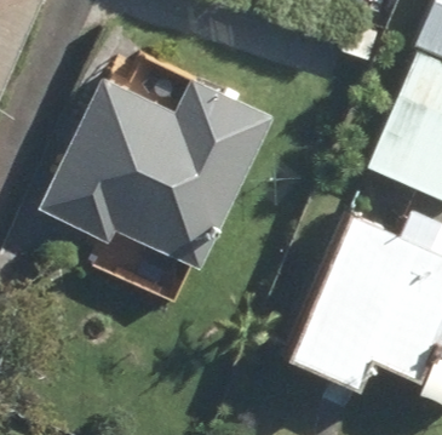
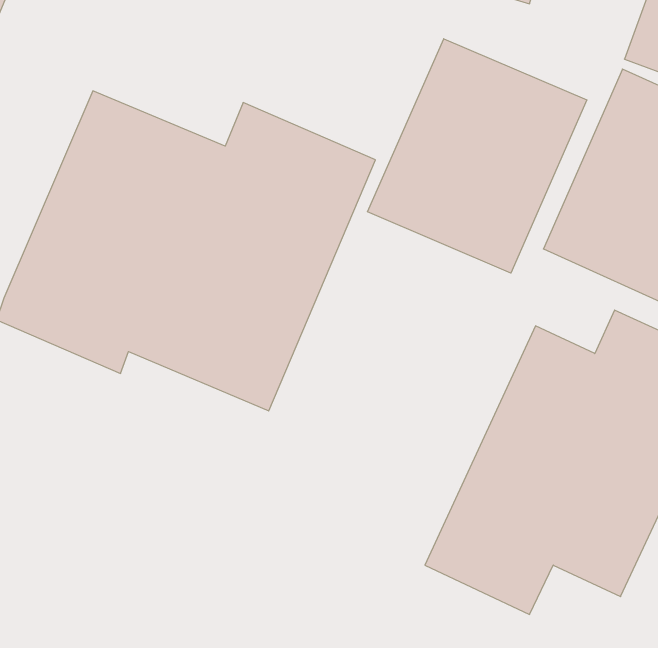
building: none -> [368,39,587,273]

